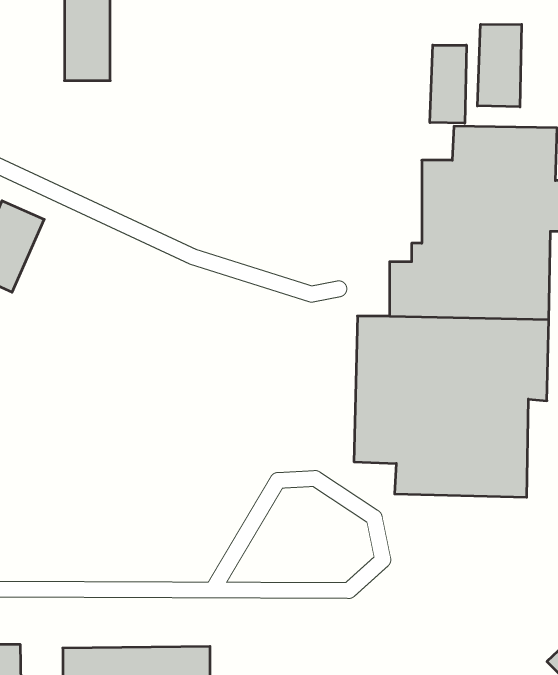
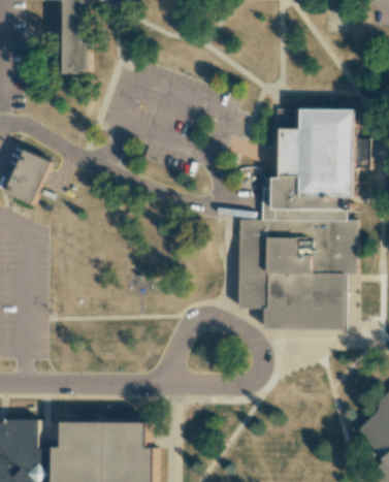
building: [477,24,522,107] -> none
building: [430,45,466,123] -> none

